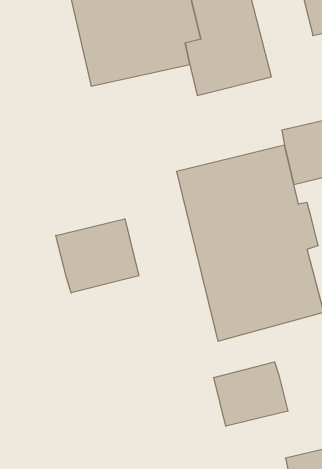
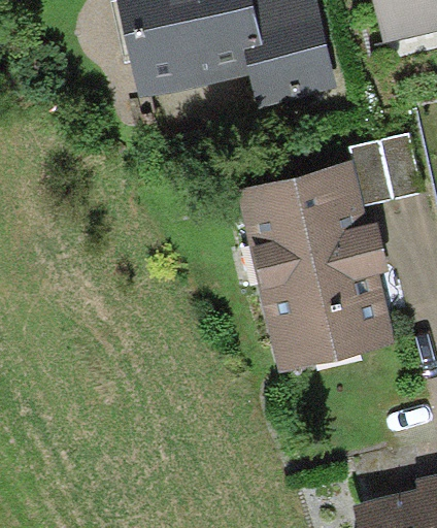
building: [56,219,139,293] -> none
building: [214,362,288,426] -> none

